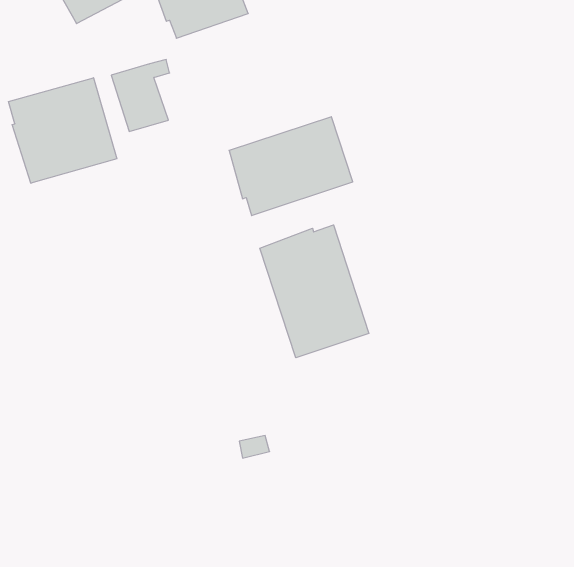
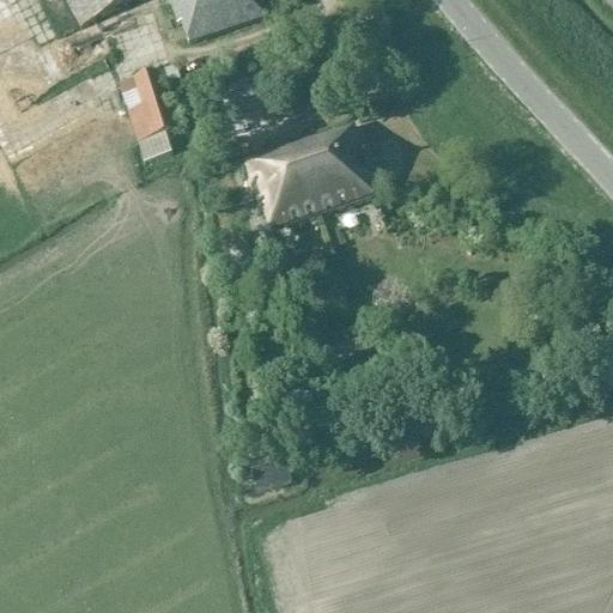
building: [8,78,117,183] -> none
building: [260,225,369,358] -> none

